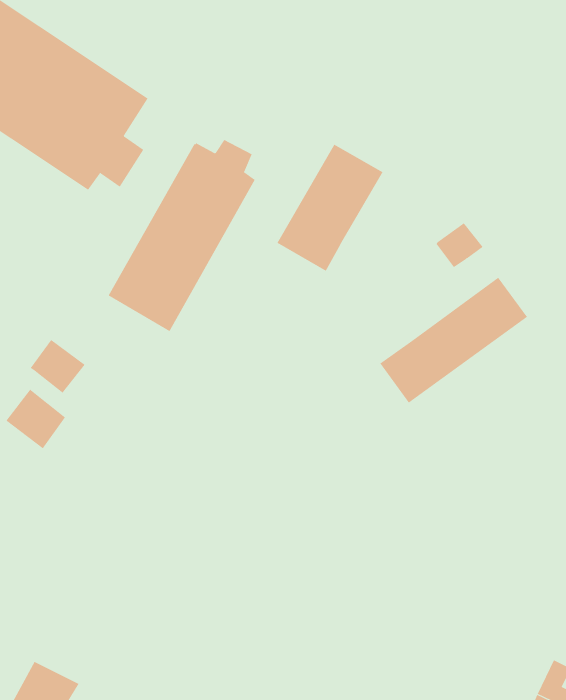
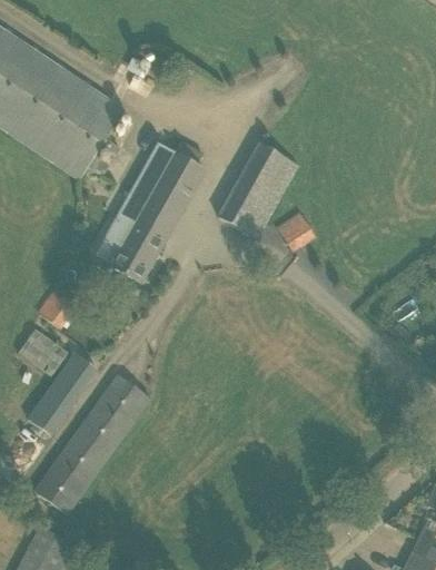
building: [435,223,484,268] -> [277,216,313,249]
building: [379,277,528,404] -> none
building: none -> [27,350,98,432]
building: none -> [33,374,149,514]

